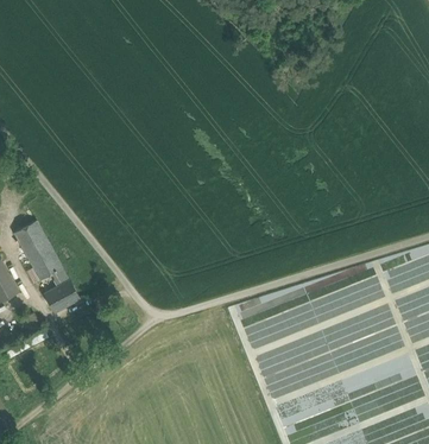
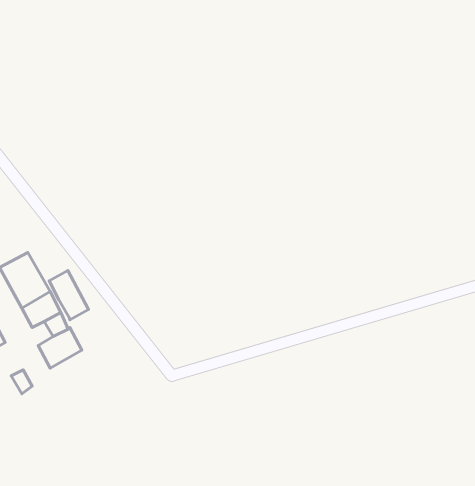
building: none -> [49,270,88,320]

